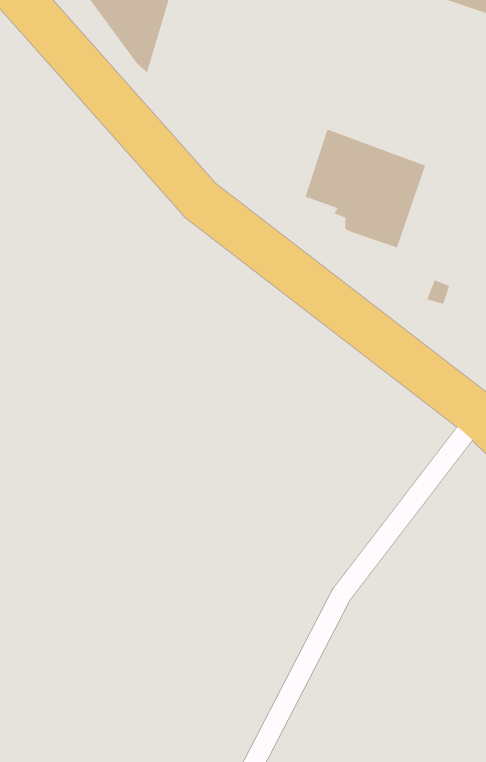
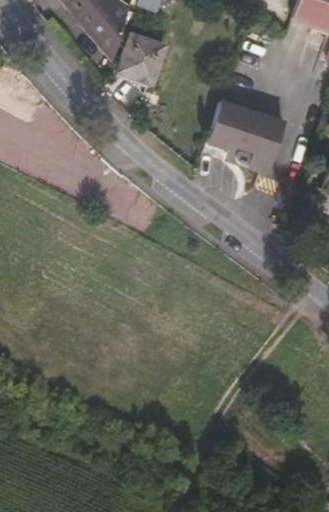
building: none -> [117,33,163,83]

